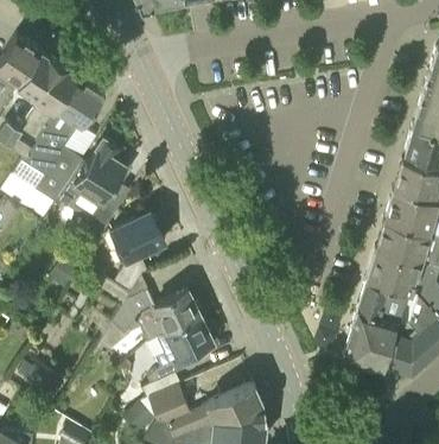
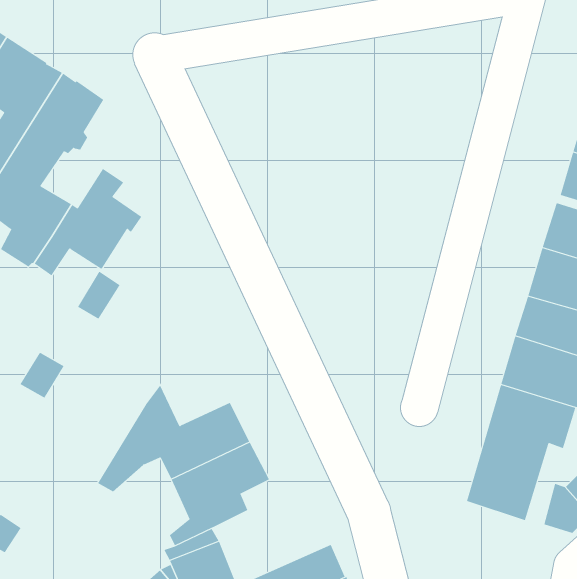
building: [110,214,165,293] -> none

